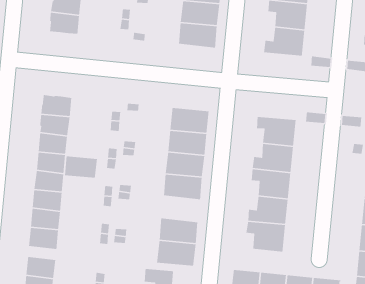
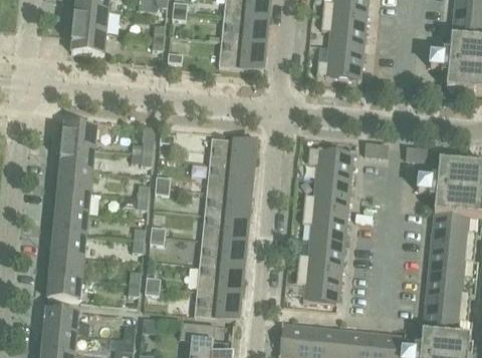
building: [64,155,98,179] -> none
building: none -> [199,239,245,269]

